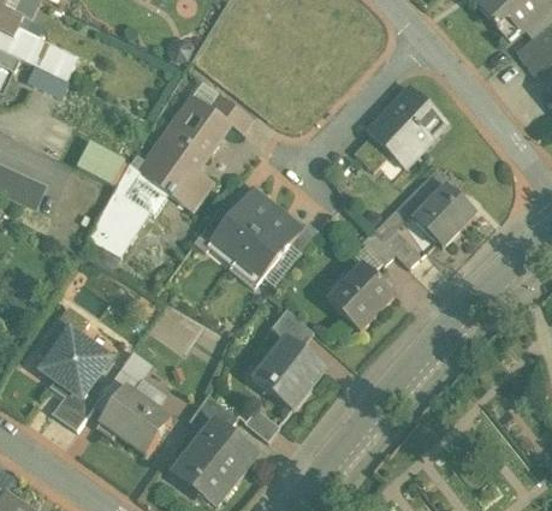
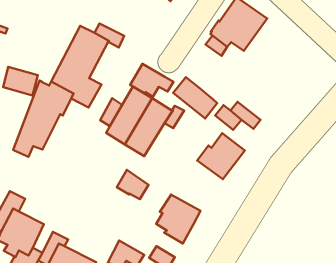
building: none -> [130,64,173,97]
building: [414,183,475,244] -> none
building: none -> [173,77,217,119]
building: [269,307,313,349] -> [117,170,148,199]

